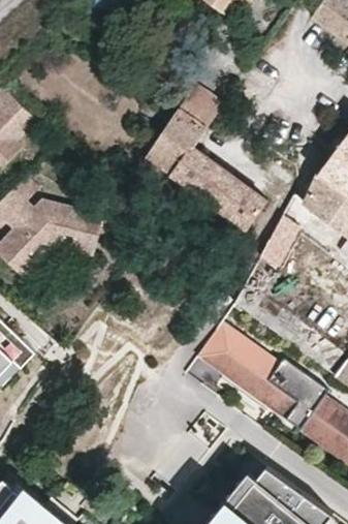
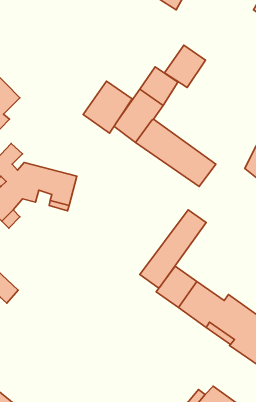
building: none -> [164,45,206,88]
building: none -> [83,81,132,133]
building: none -> [140,210,206,287]

